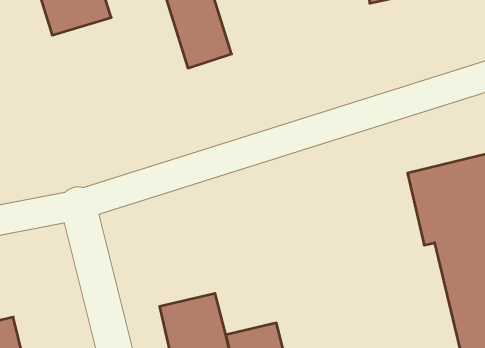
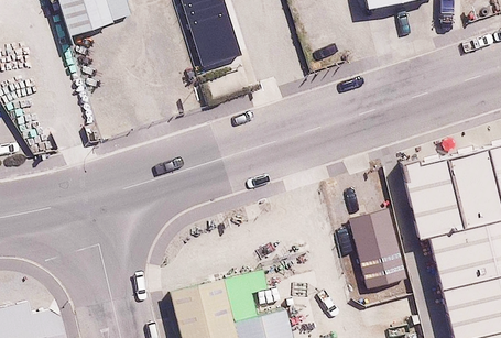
building: none -> [348,212,407,293]

